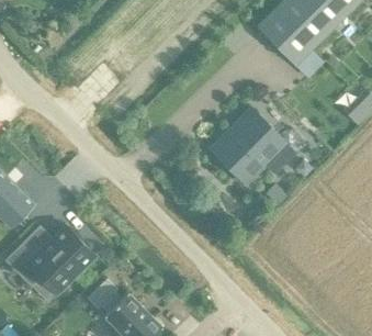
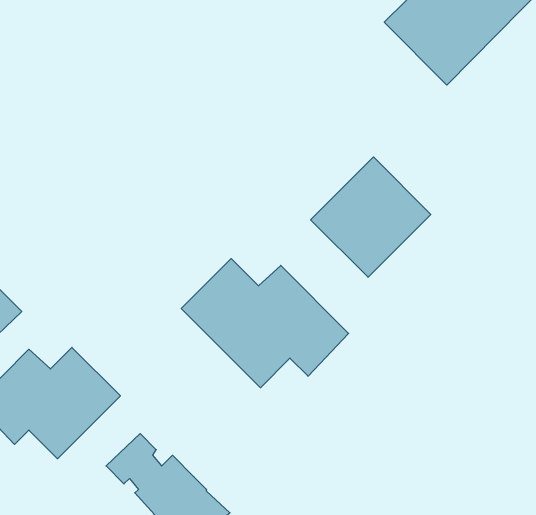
building: none -> [181,259,349,388]

